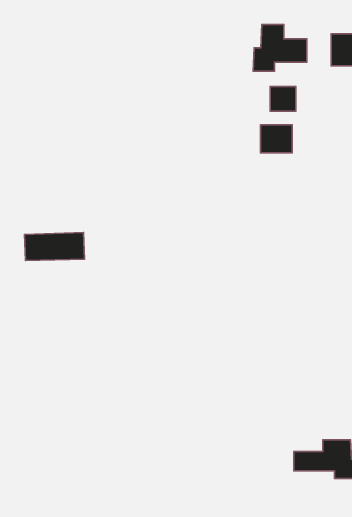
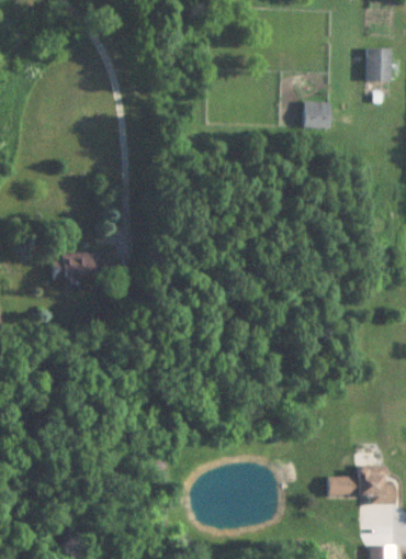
building: [253,25,307,71] -> none
building: [261,125,292,153] -> none

